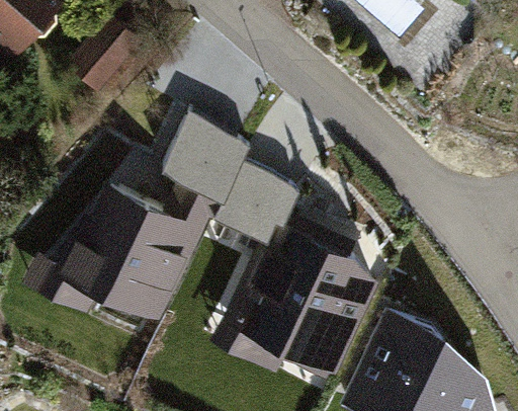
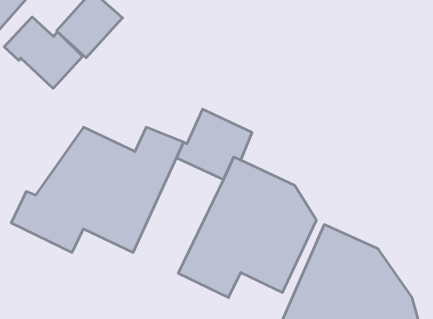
building: none -> [4,17,83,88]
building: [162,115,249,199] -> none

